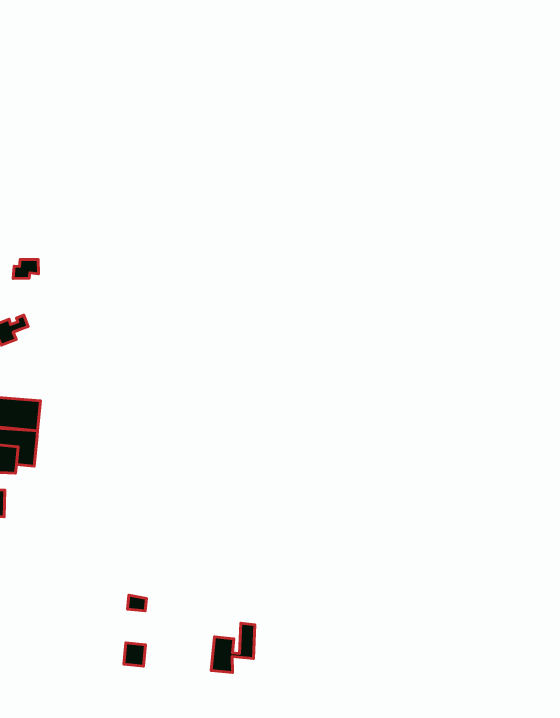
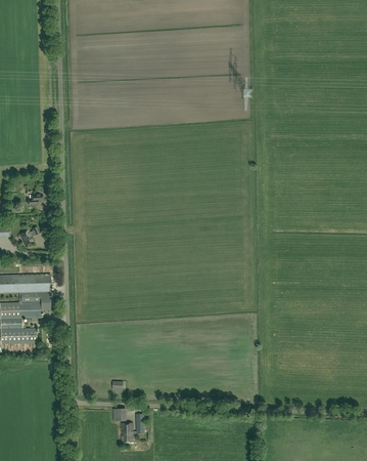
building: [211,623,255,672] -> [122,413,145,442]

